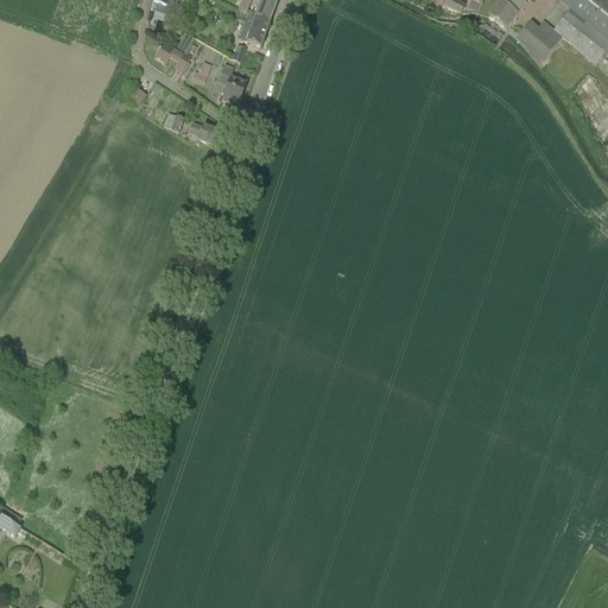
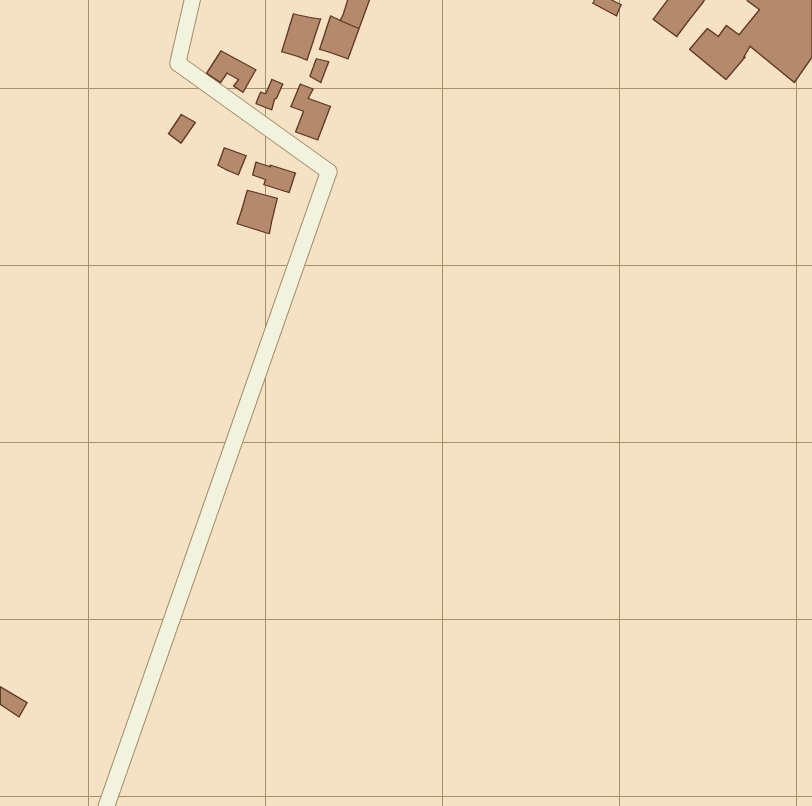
building: none -> [282,14,321,60]
building: none -> [237,190,277,234]

